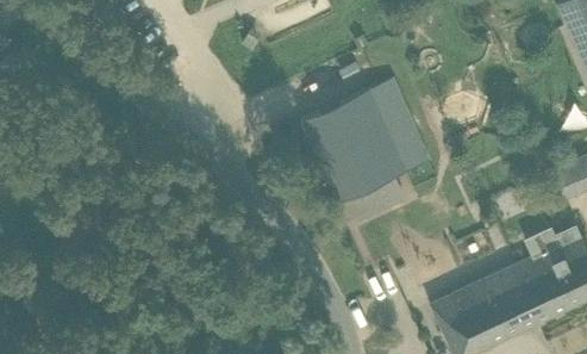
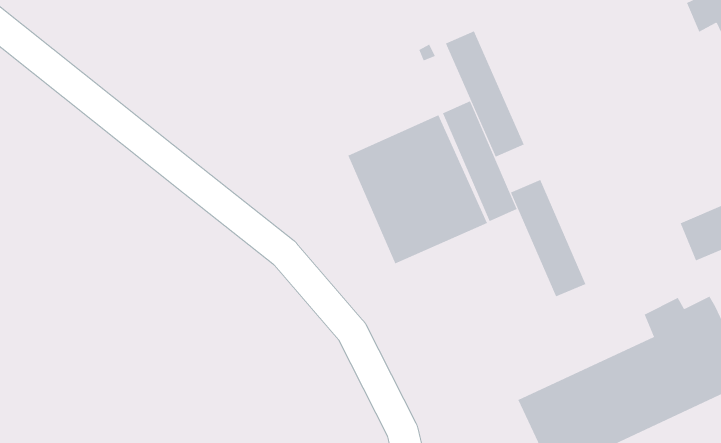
building: none -> [445,31,525,157]
building: none -> [510,179,586,297]

